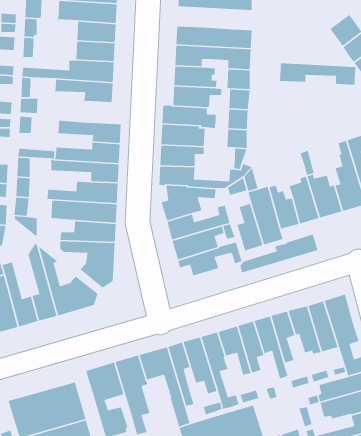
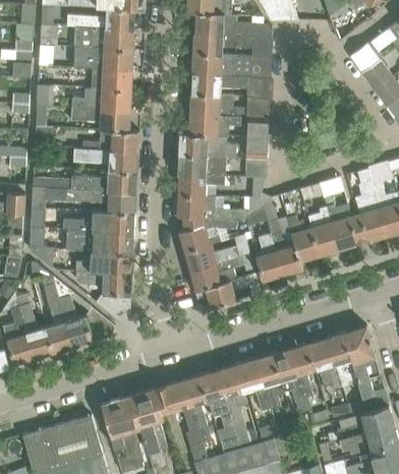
building: [279,63,356,86] -> [194,34,273,57]
building: none -> [99,130,139,153]
building: [239,234,318,274] -> none

